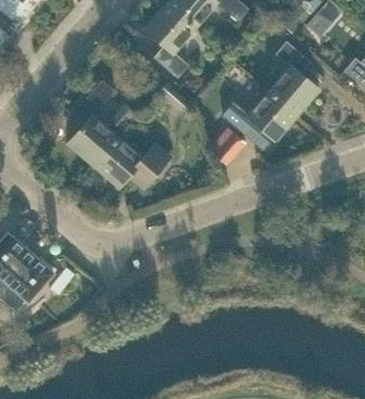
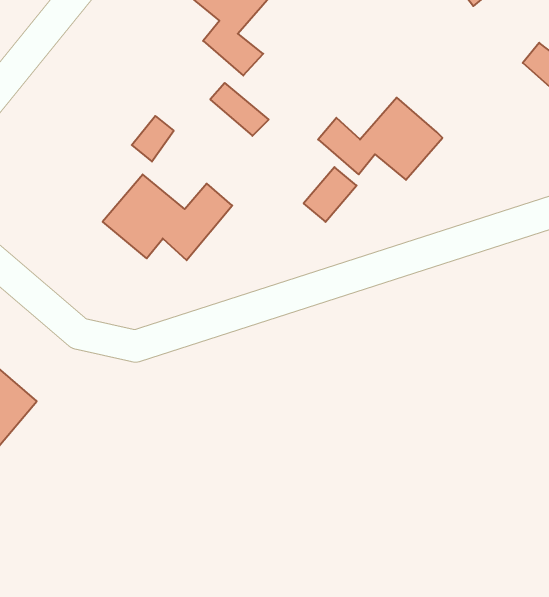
building: [269,42,319,116] -> none
building: [68,92,117,166] -> none

